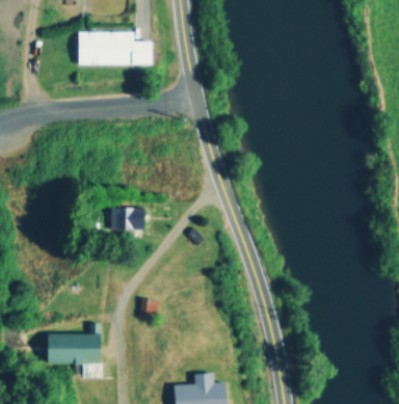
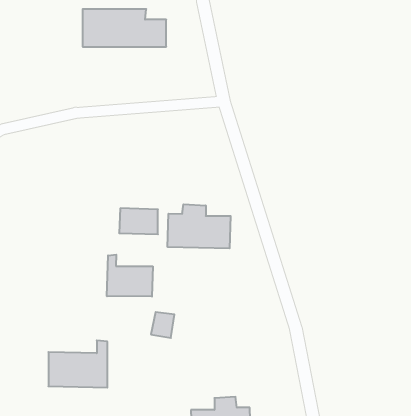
building: none -> [168,204,231,248]
building: none -> [107,255,153,297]

